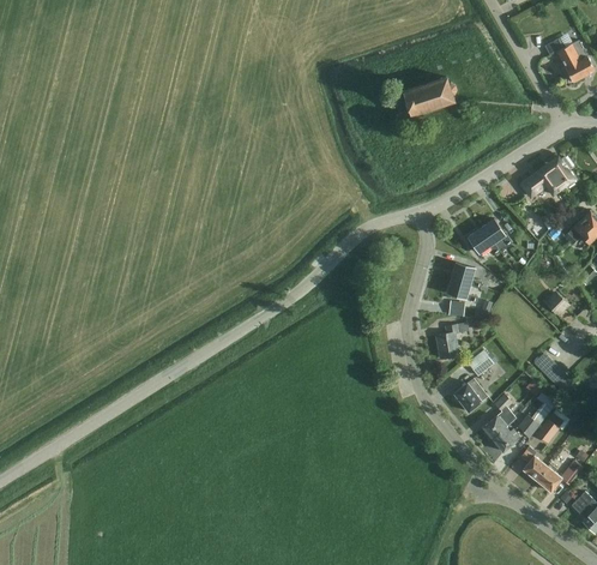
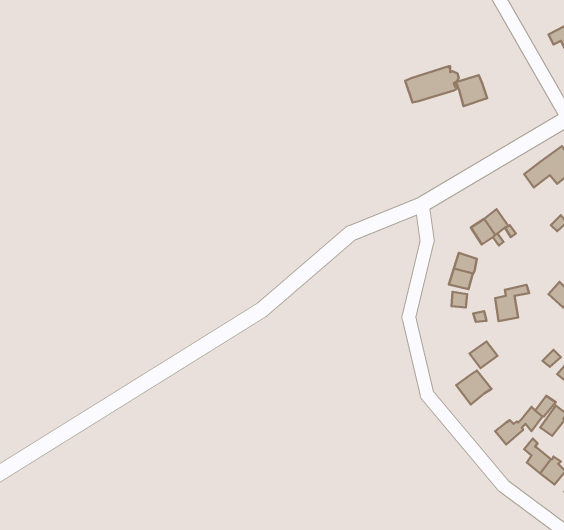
building: none -> [456,75,487,106]
building: [435,321,469,357] -> [495,285,529,321]
building: [482,393,515,438] -> none

